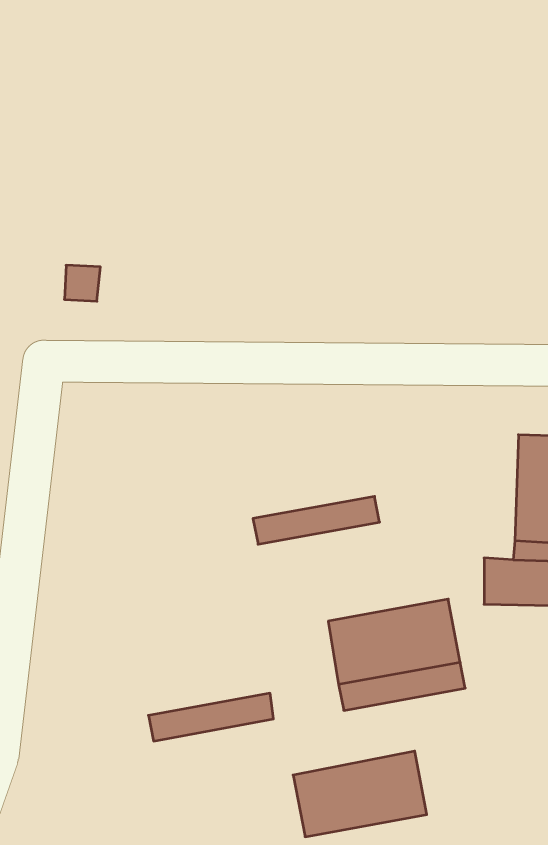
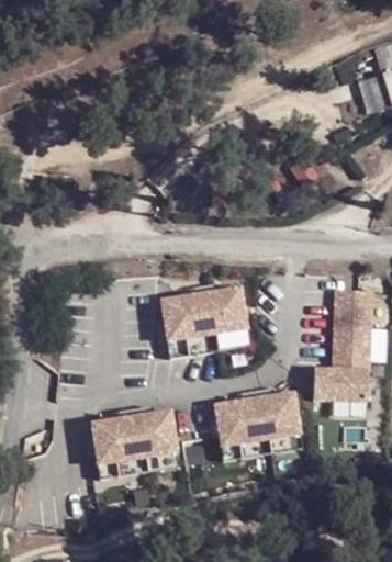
building: none -> [158,284,244,339]
building: [293,751,427,837] -> [91,411,177,465]

